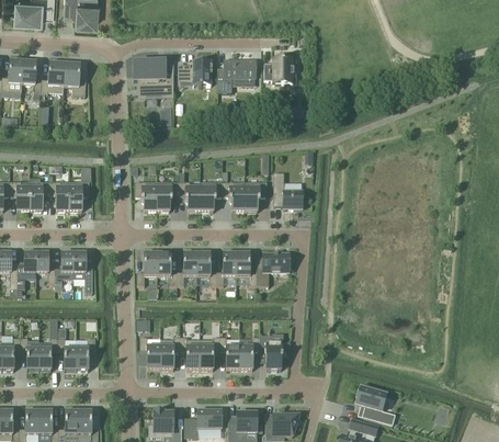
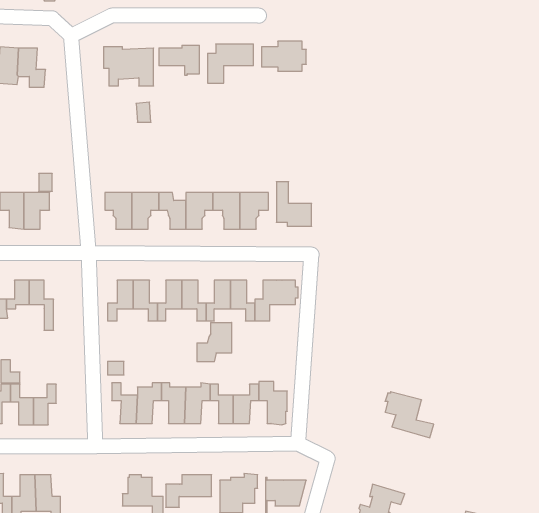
building: none -> [197,322,232,362]
building: [355,387,395,424] -> [385,392,434,438]

